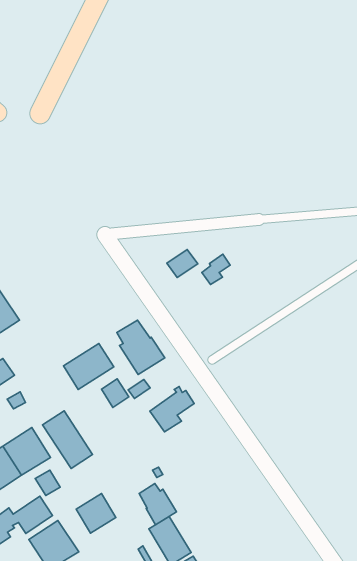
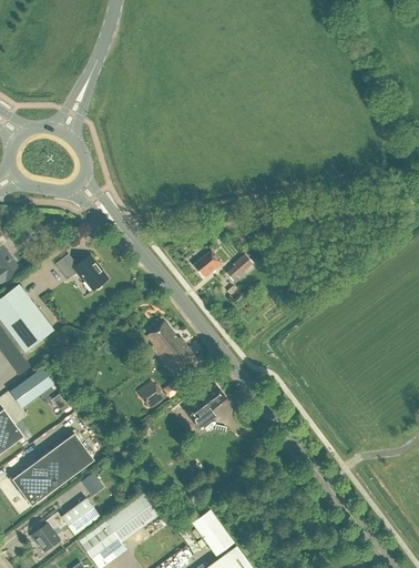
building: none -> [54,253,109,290]
building: [63,343,114,389] -> none
building: [43,411,93,468] -> none
building: [139,483,177,525] -> none

